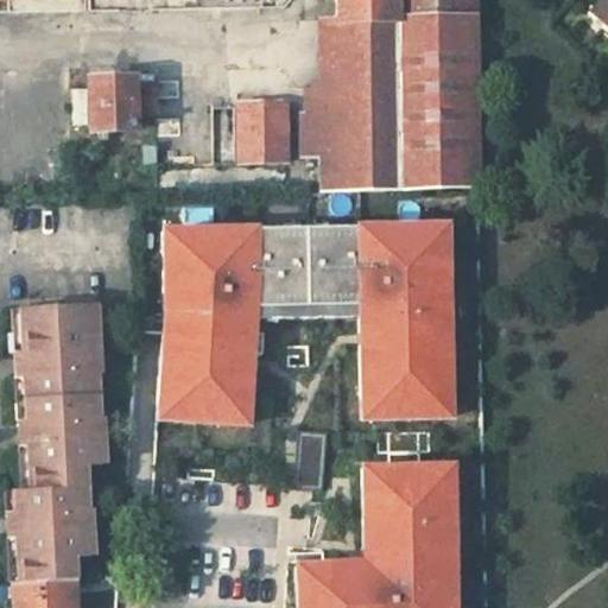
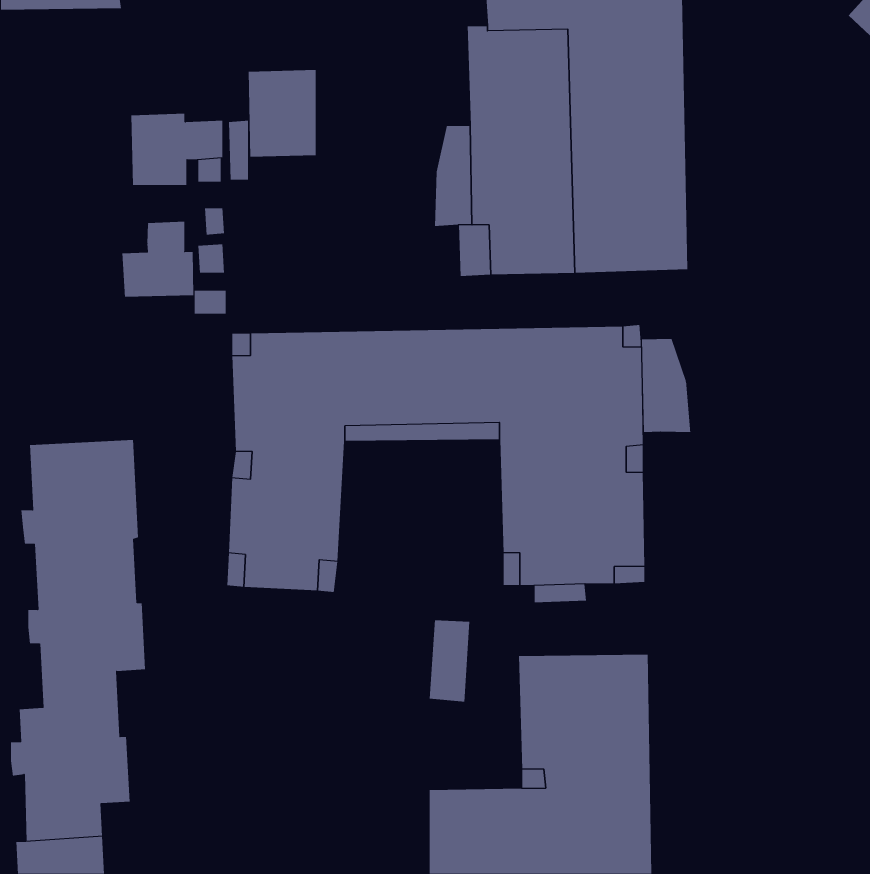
building: [242,101,290,162] -> [248,70,316,157]
building: none -> [122,221,194,298]
building: none -> [642,338,691,433]

